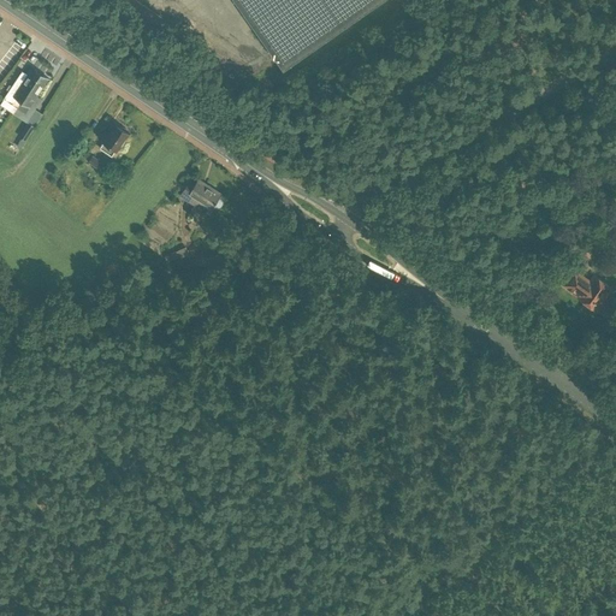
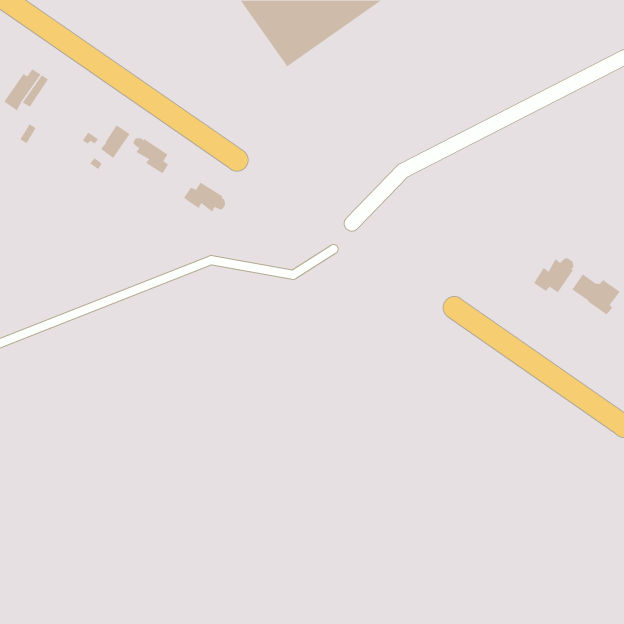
building: none -> [133,138,169,174]
building: none -> [533,257,574,293]

